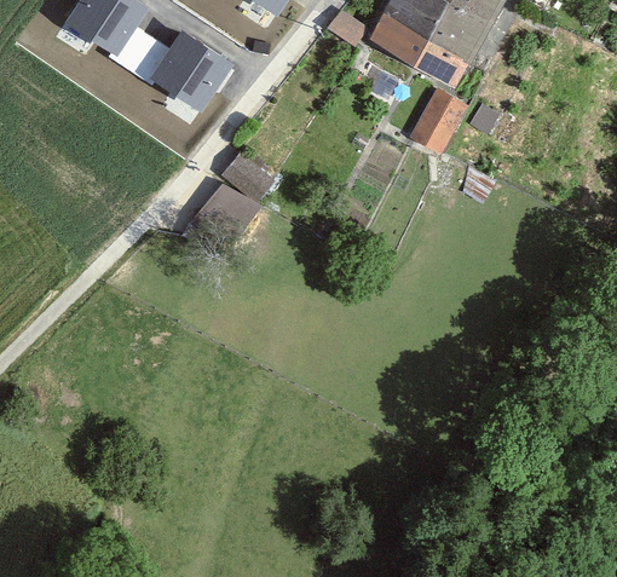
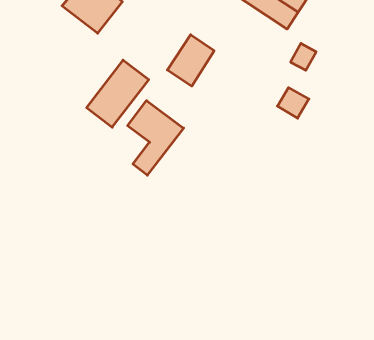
building: [408,85,469,155] -> [167,35,214,86]
building: none -> [128,101,184,175]

